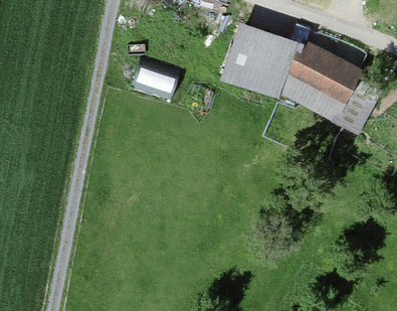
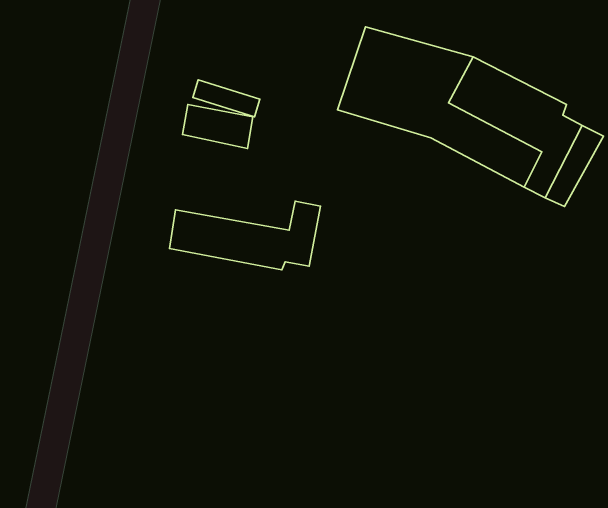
building: none -> [169,201,320,270]

